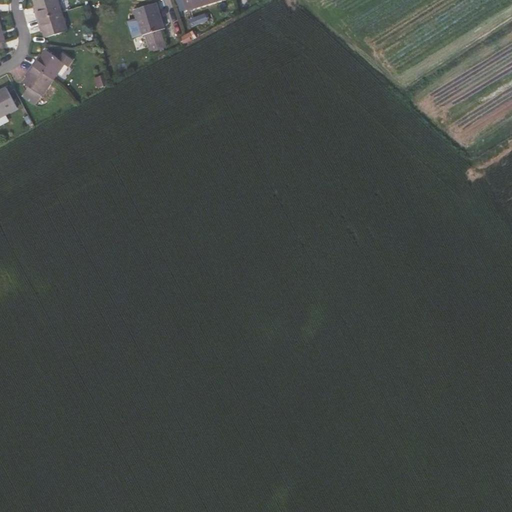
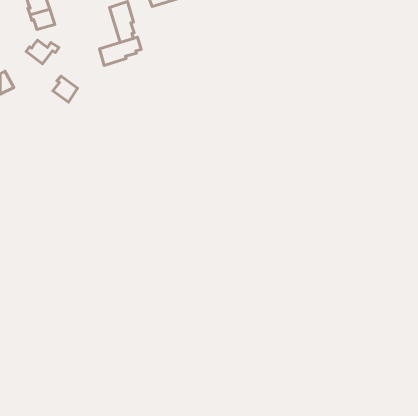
building: none -> [99,37,141,66]
building: [22,63,52,95] -> [53,76,77,102]

